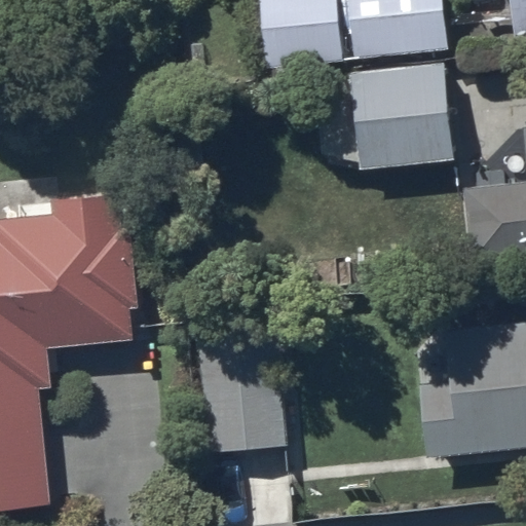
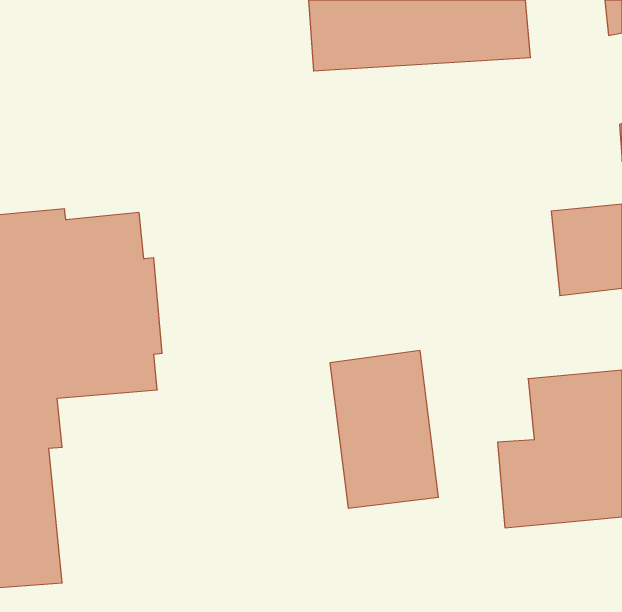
building: [317,63,452,171] -> none
building: [194,324,286,456] -> [330,351,438,508]

